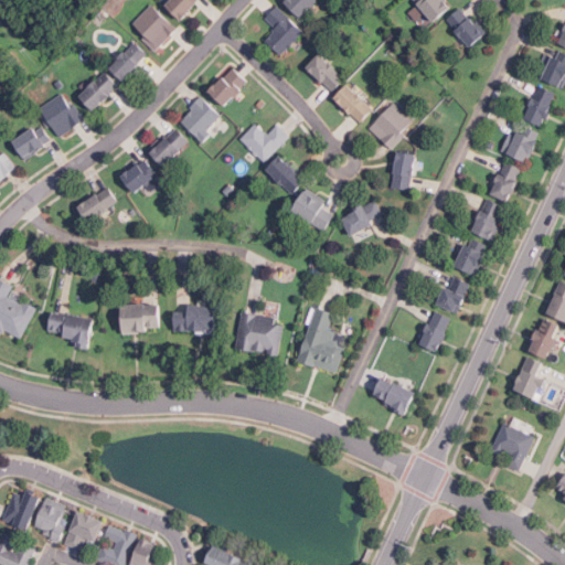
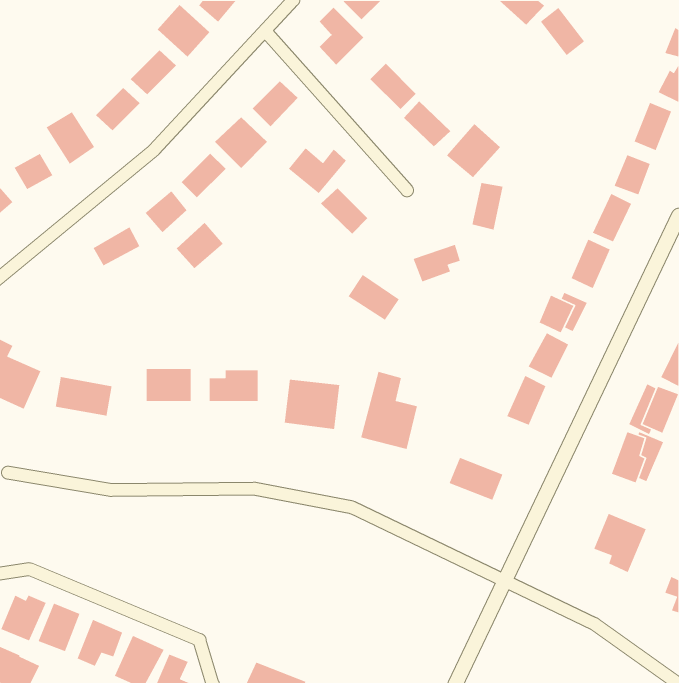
building: none -> [176,222,224,269]
building: [290,191,333,230] -> [348,274,400,321]

